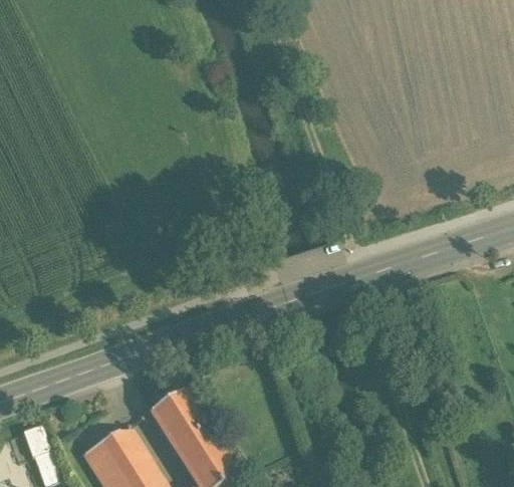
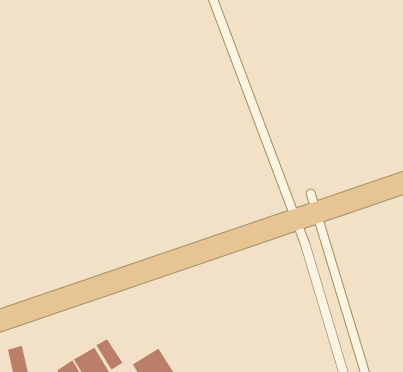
building: [152,393,206,449] -> none

